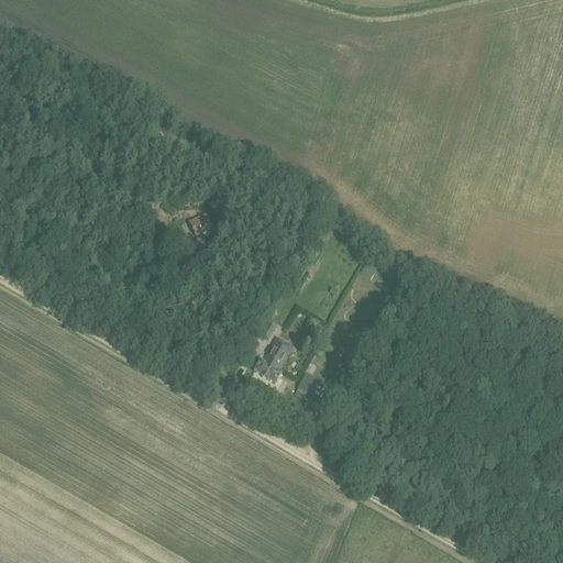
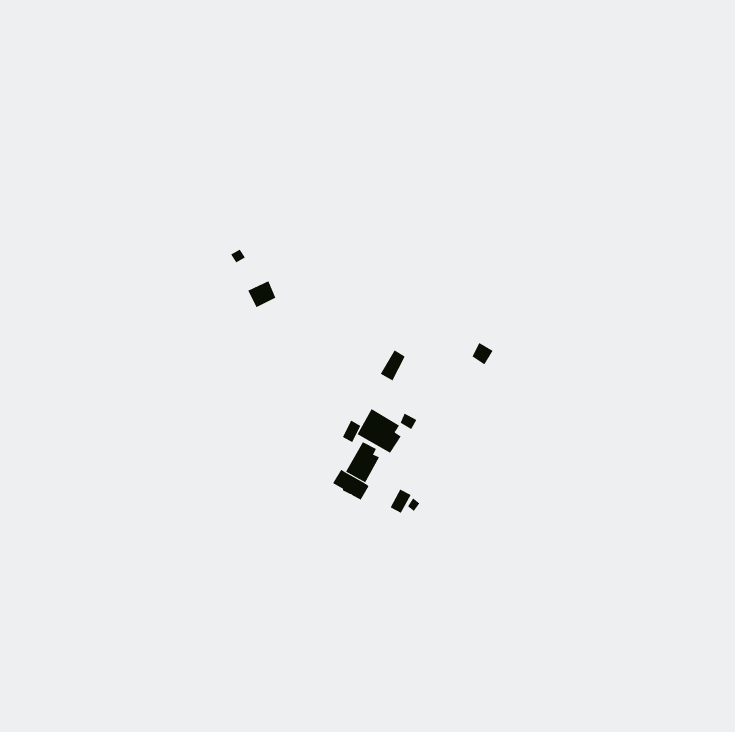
building: none -> [357,408,401,454]

